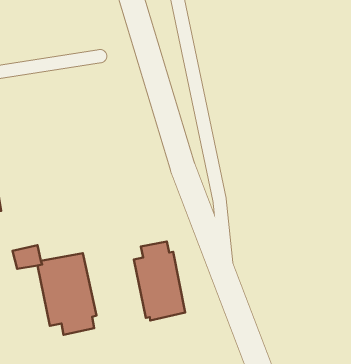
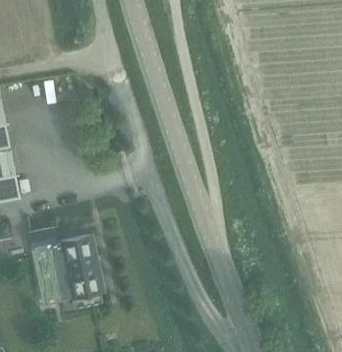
building: [134,241,185,321] -> none

